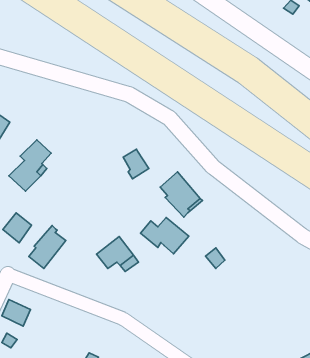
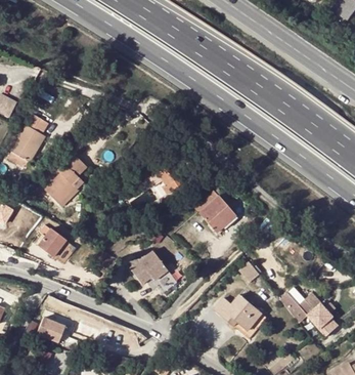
building: [140,218,189,254] -> [215,295,263,331]
building: [29,225,66,268] -> none
building: none -> [282,294,339,339]

